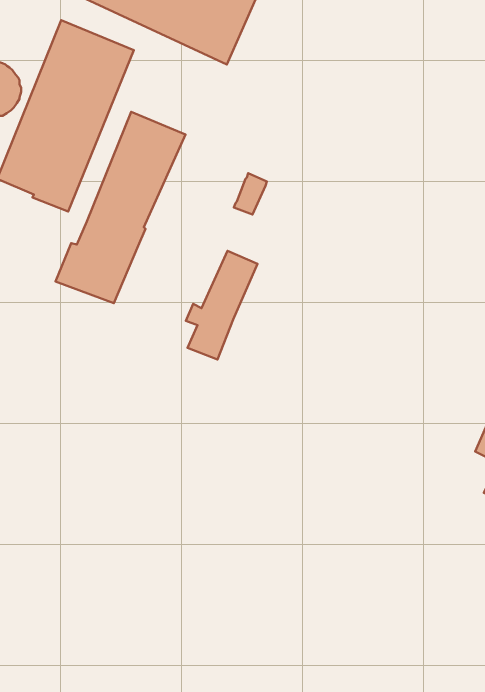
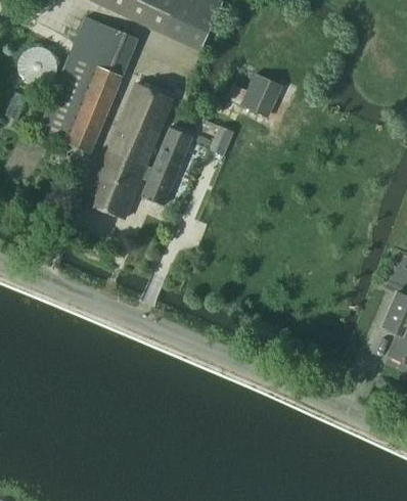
building: none -> [226,75,279,118]
building: [186,251,257,359] -> [140,129,191,207]

